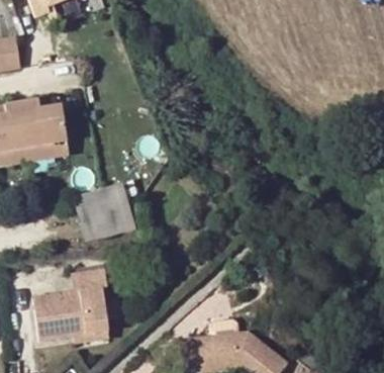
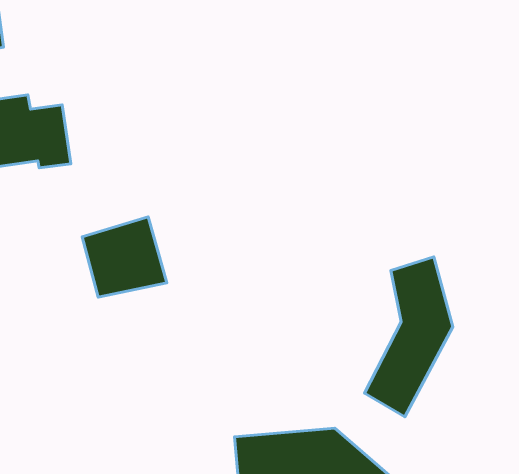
building: none -> [364,257,453,417]
building: [33,269,108,341] -> none

